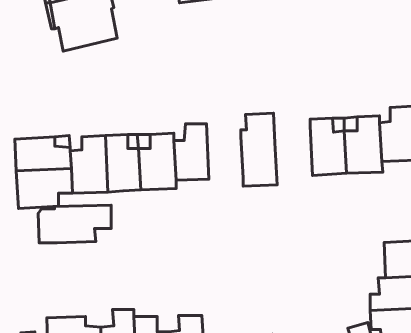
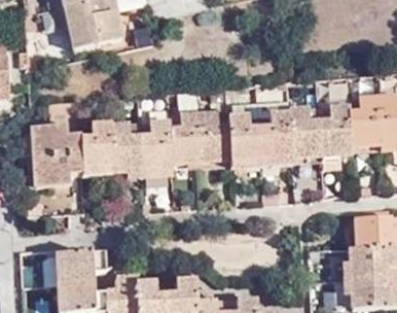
building: none -> [258,102,292,166]
building: none -> [200,111,231,161]
building: [38,205,111,243] -> [43,249,107,282]

